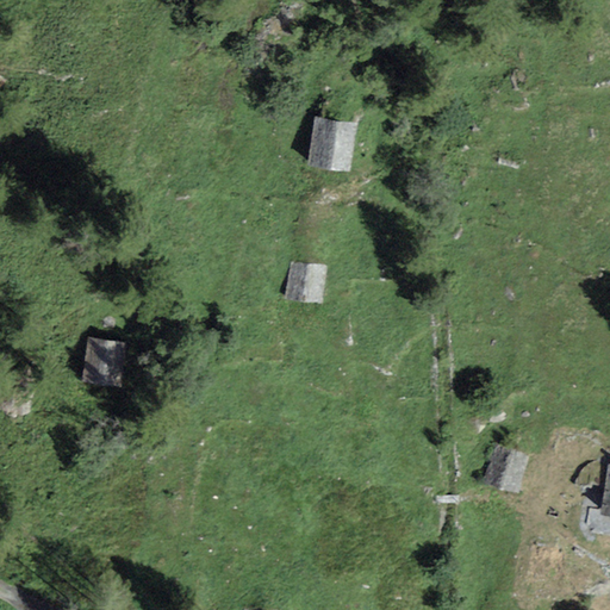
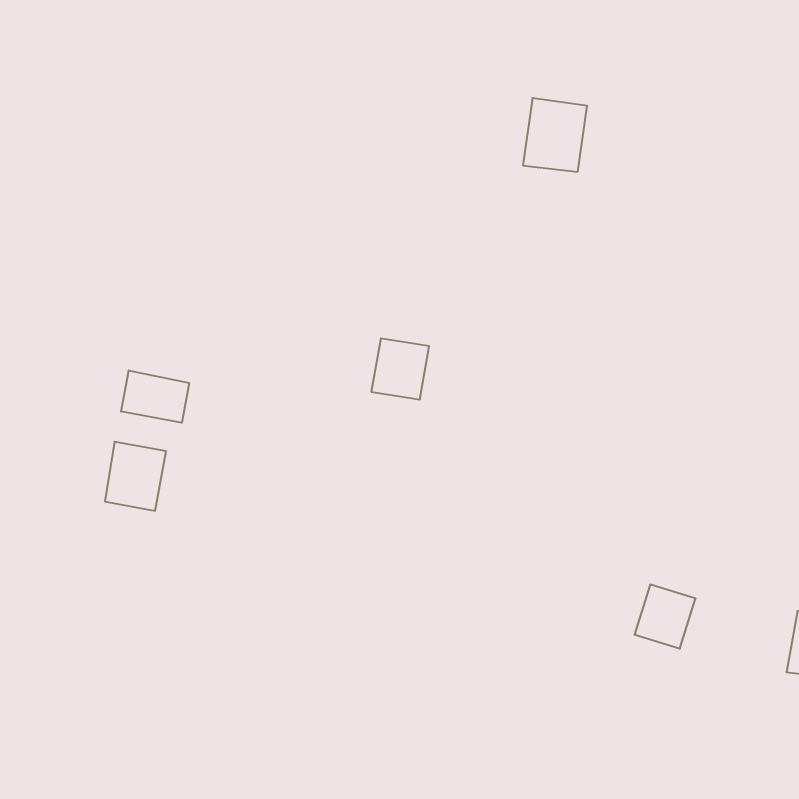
building: [309,117,357,173] -> [523,98,587,172]
building: none -> [121,370,189,423]

